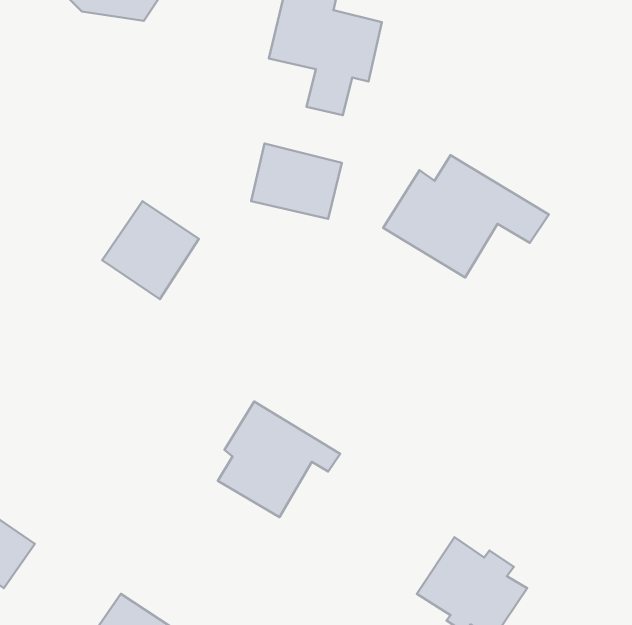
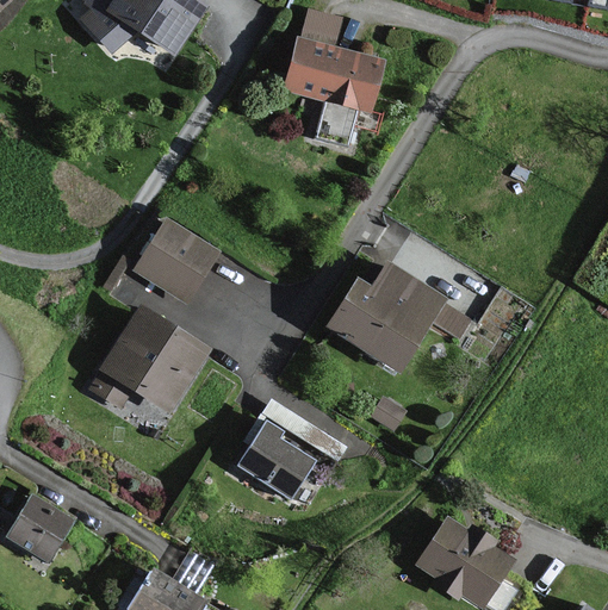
building: [251,143,342,219] -> none
building: [383,155,549,278] -> [327,263,473,372]
building: none -> [87,305,210,412]

